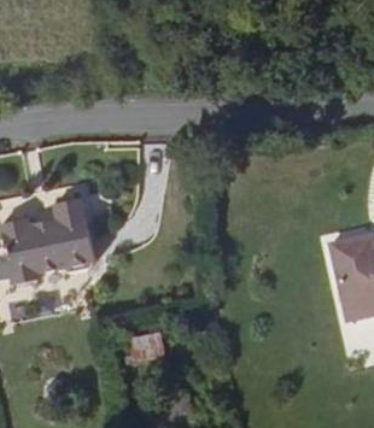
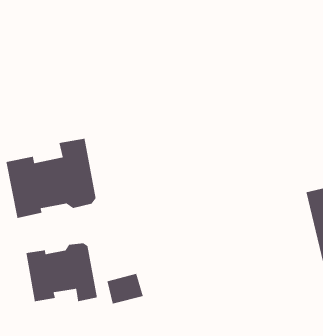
building: none -> [25,242,98,302]

